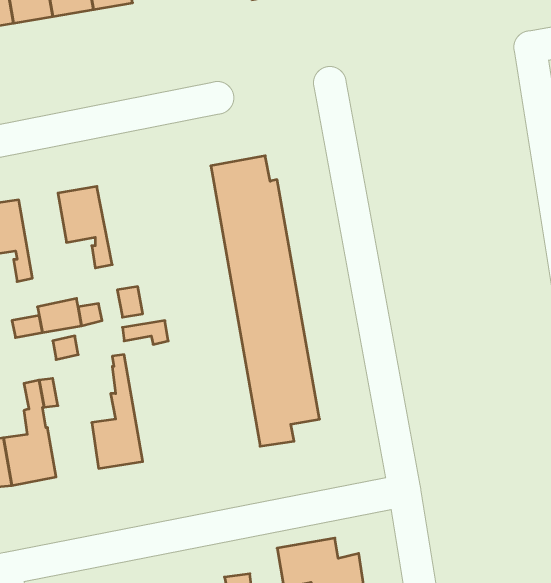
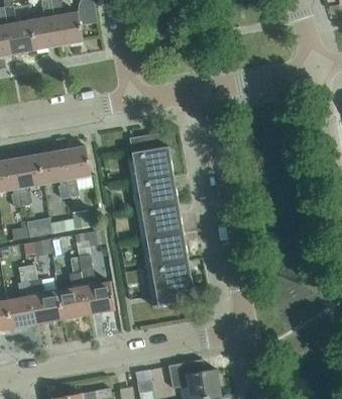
building: none -> [61,146,90,197]
building: none -> [14,155,42,205]
building: none -> [77,248,114,314]
building: none -> [31,291,62,323]

